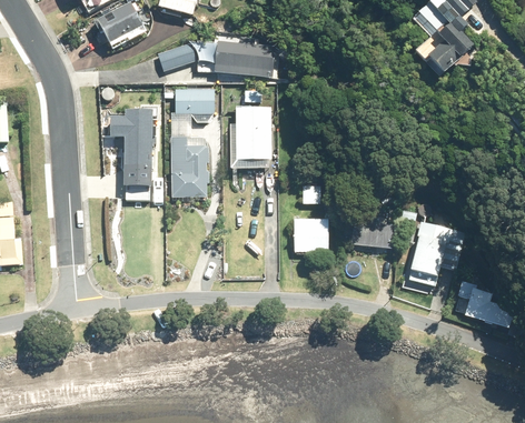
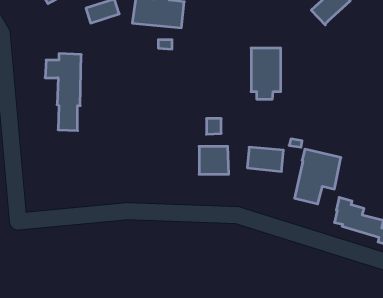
building: [175,89,214,114] -> none
building: [236,107,271,168] -> [251,48,281,99]
building: [170,135,209,197] -> none

